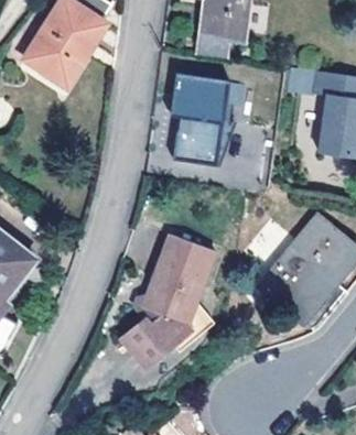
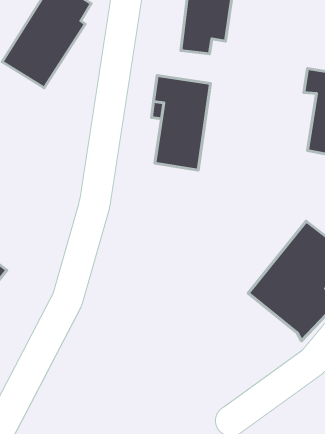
building: [121,229,213,366] -> none

